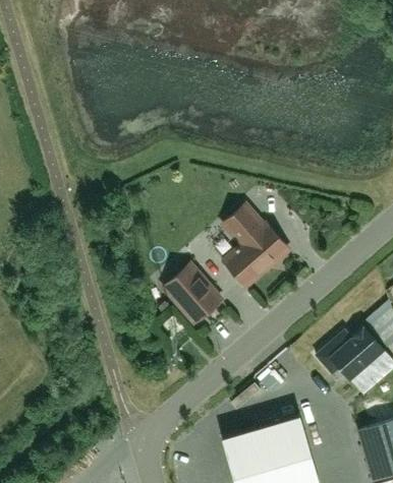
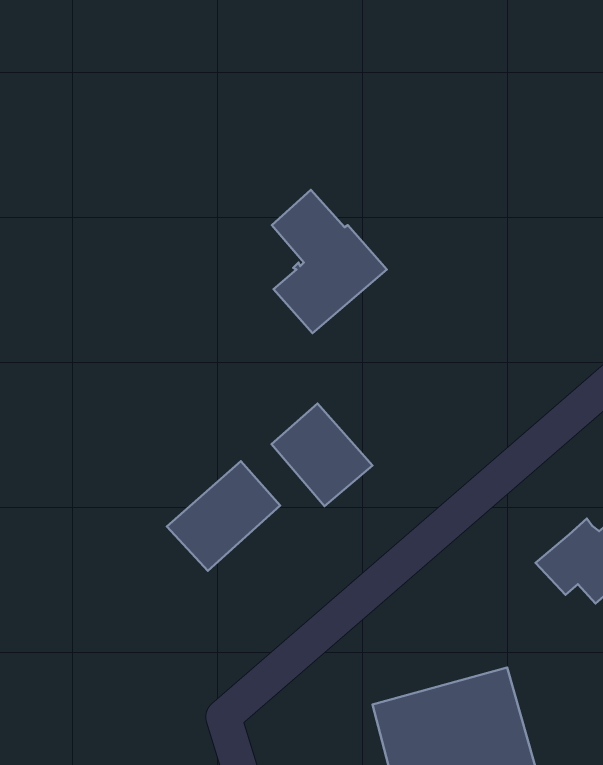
building: [223,205,289,288] -> [272,190,387,333]
building: none -> [167,461,280,571]

